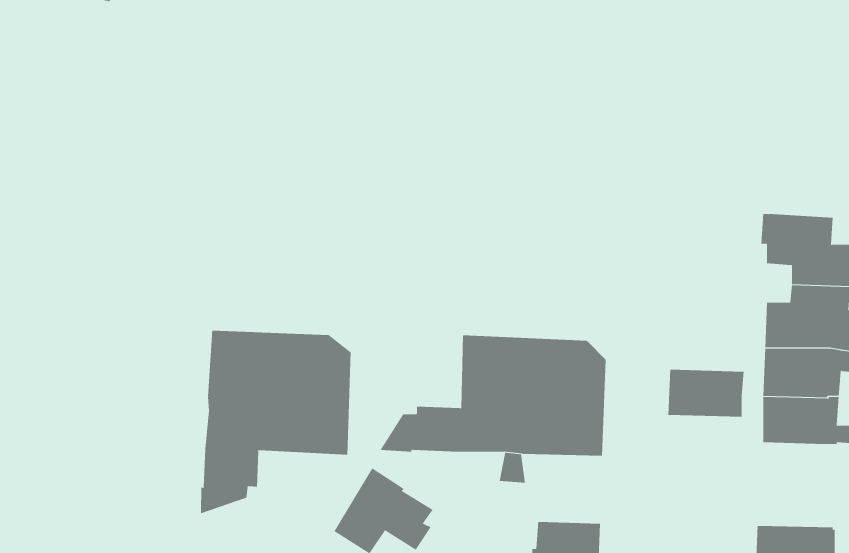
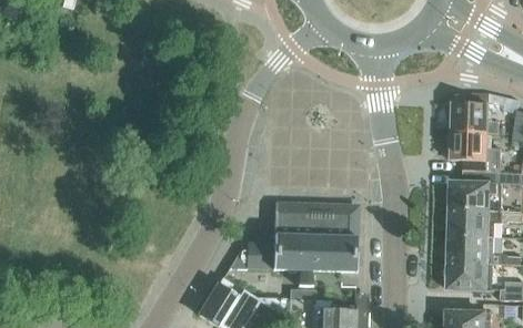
building: none -> [452,103,491,134]
building: [201,330,351,514] -> none
building: [668,369,744,417] -> [447,264,492,291]

